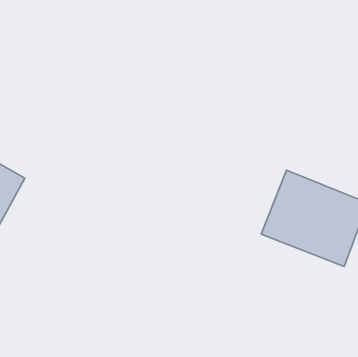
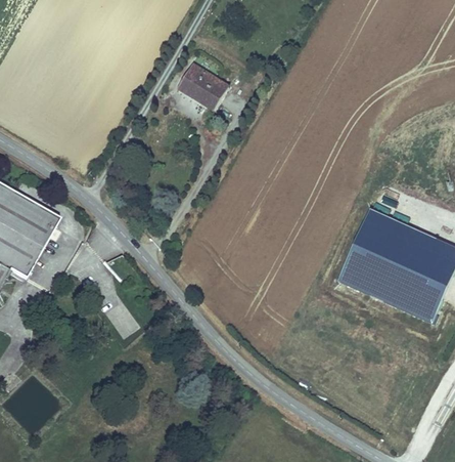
building: none -> [178,67,227,111]

